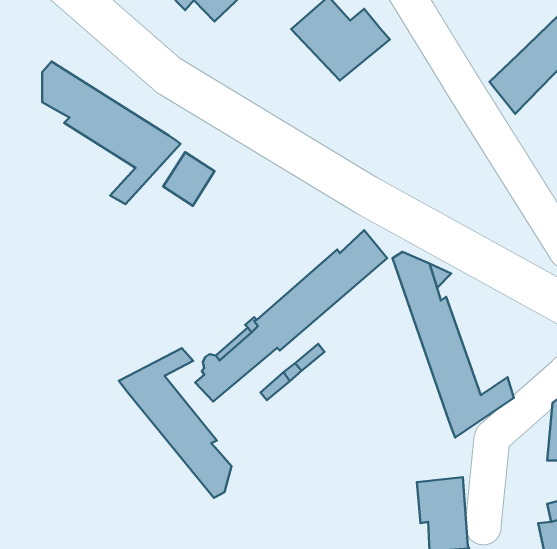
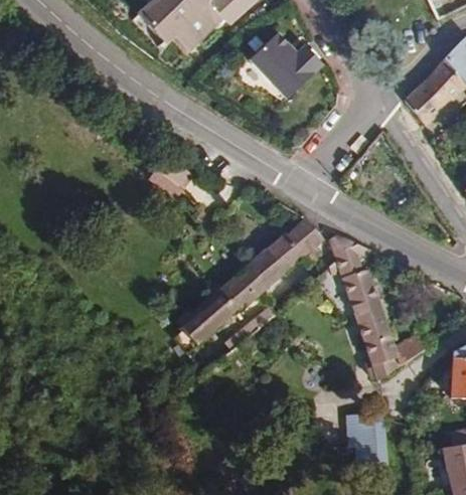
building: [42,62,181,204] -> none
building: [119,348,232,498] -> none

